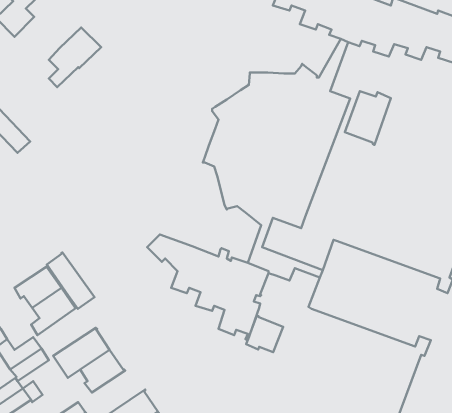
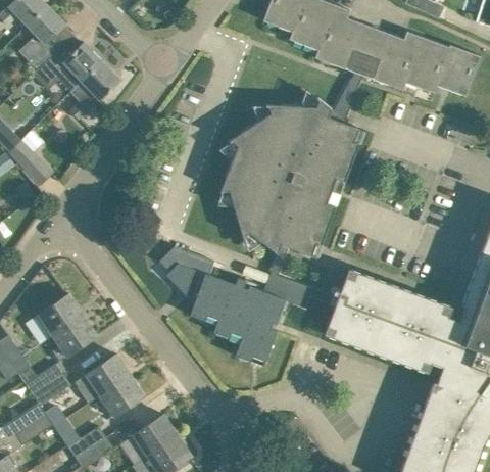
building: none -> [33,42,101,90]
building: [345,91,391,145] -> none
building: none -> [158,246,213,275]
building: [47,252,94,309] -> none
building: [246,315,283,352] -> none

